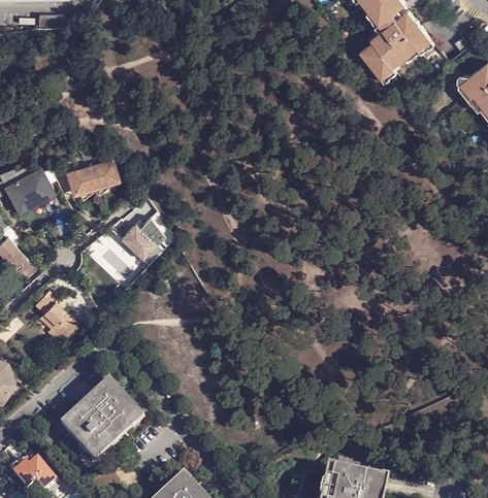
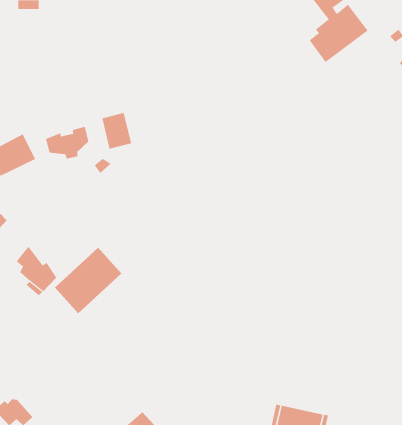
building: none -> [102,112,132,149]
building: [117,218,161,259] -> none
building: [61,381,137,457] -> [54,247,122,314]

